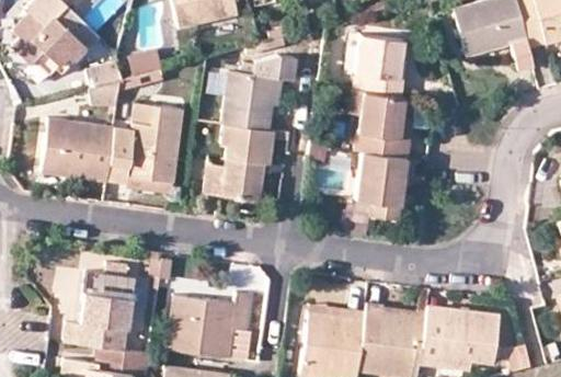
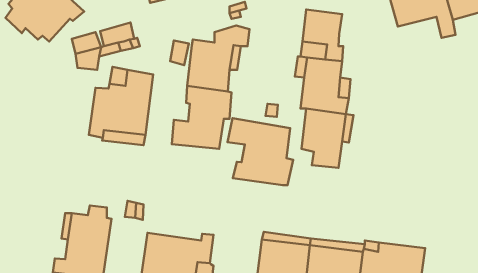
building: [43,116,116,181] -> none
building: none -> [227,118,293,185]

